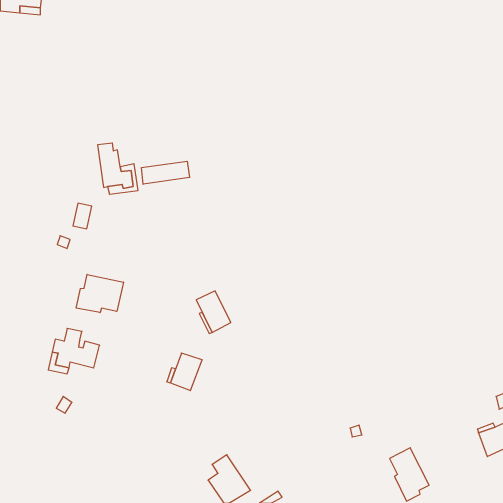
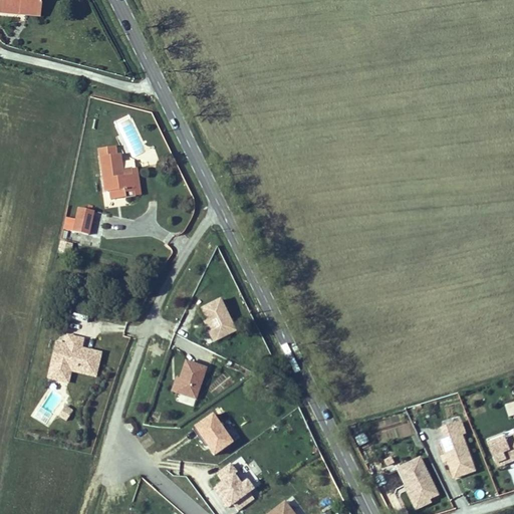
building: [142,161,190,184] -> none
building: [76,274,123,313] -> none
building: none -> [194,414,232,460]
building: none -> [438,420,474,477]

